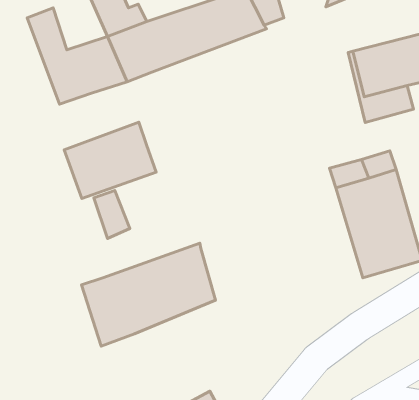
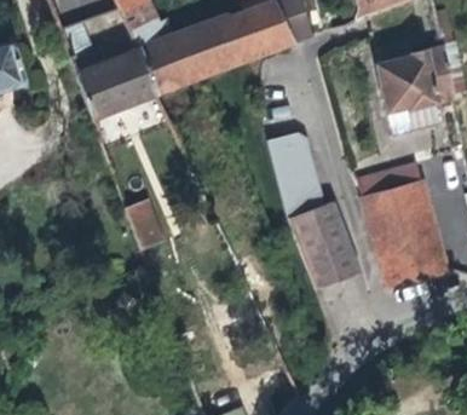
building: none -> [267,133,361,292]
building: [64,122,156,198] -> none
building: [82,243,215,346] -> none

